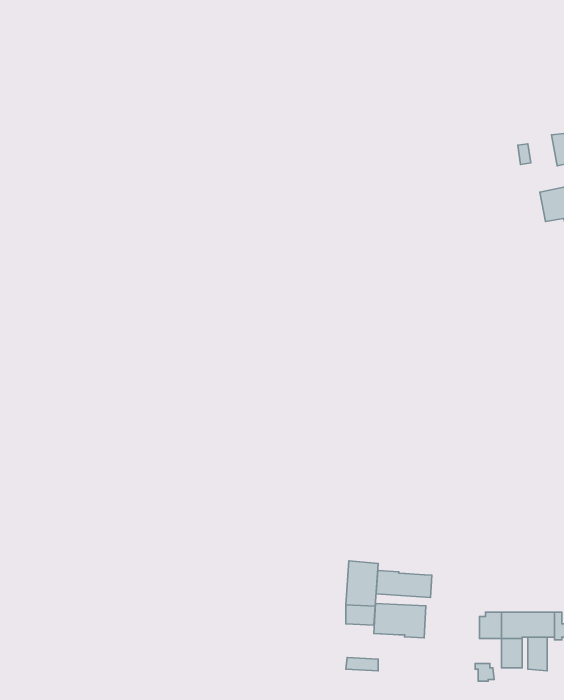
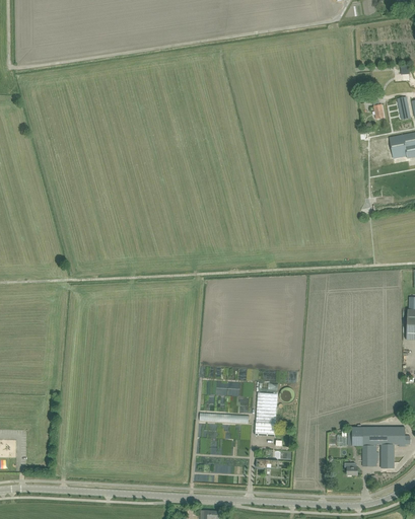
building: [376,570,432,597] -> none
building: [374,603,426,638] -> none

